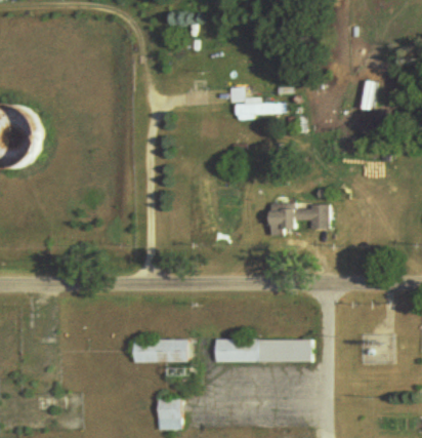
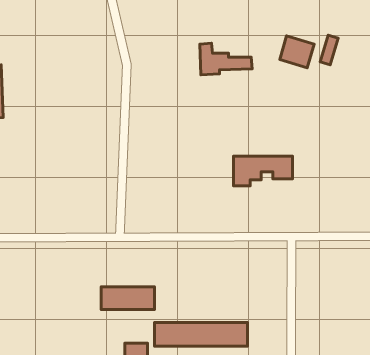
building: none -> [280,36,314,68]
building: [213,339,309,363] -> [154,322,247,346]

